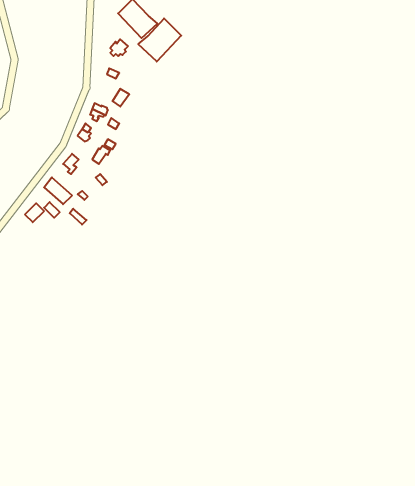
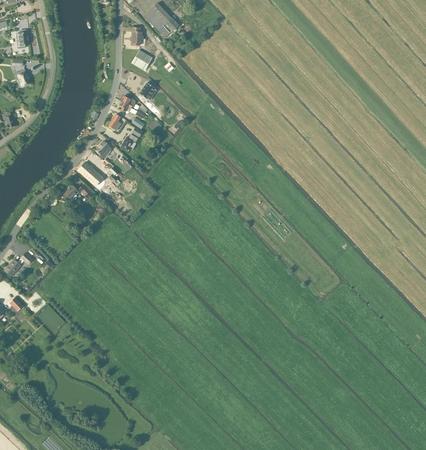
building: [138,18,181,62] -> none

